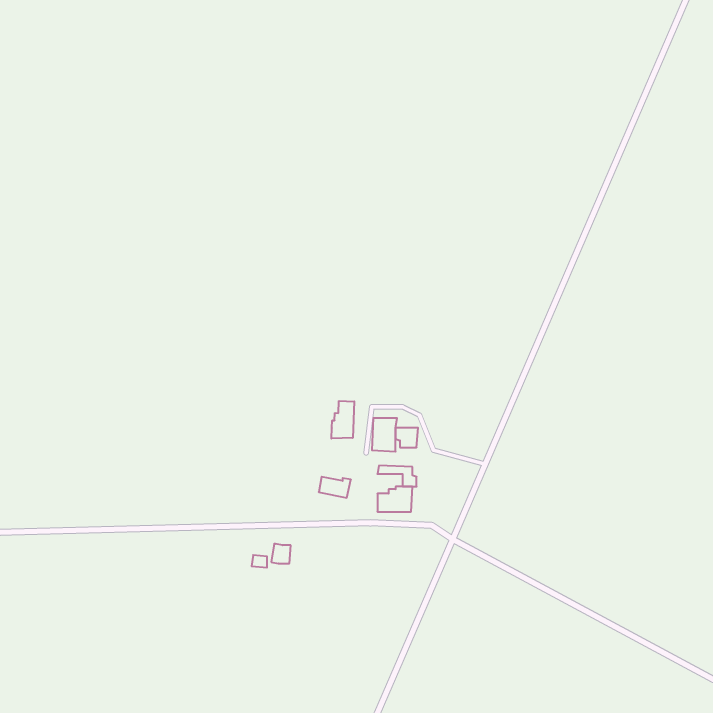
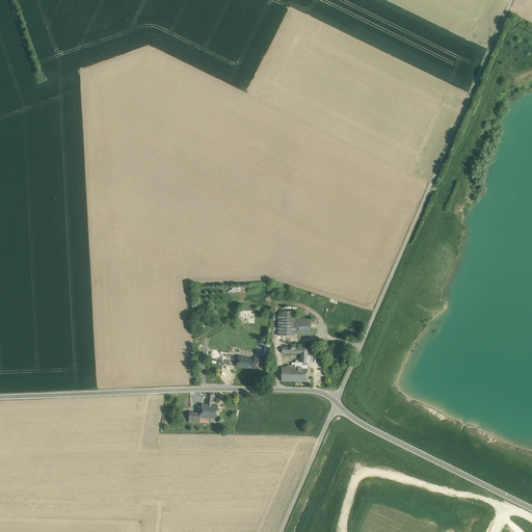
building: [331,401,354,439] -> none

